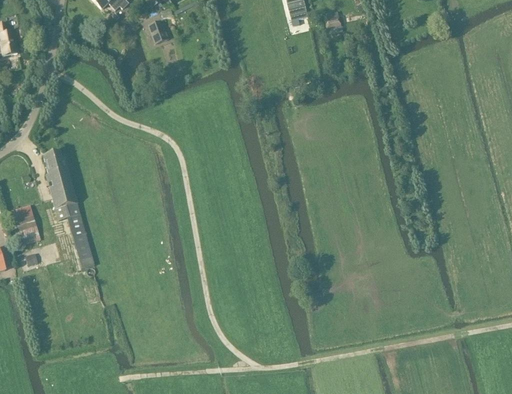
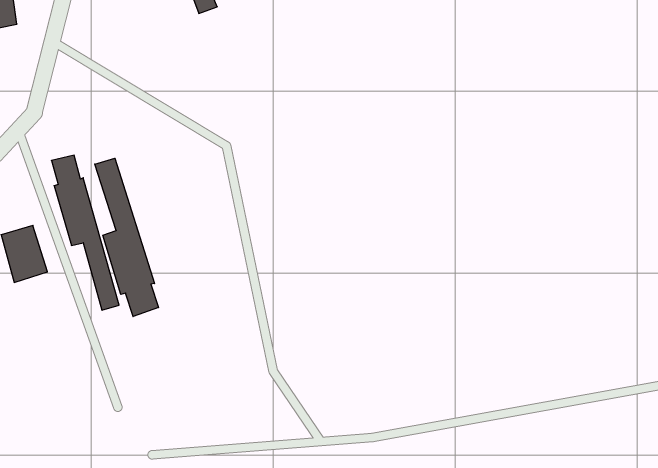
building: none -> [95,158,158,317]

